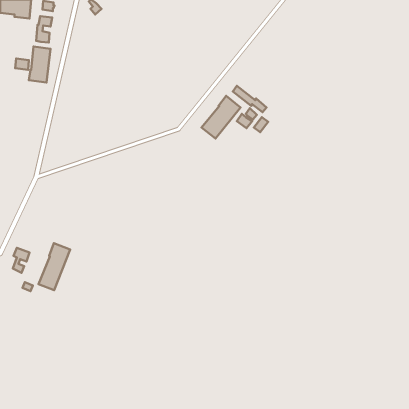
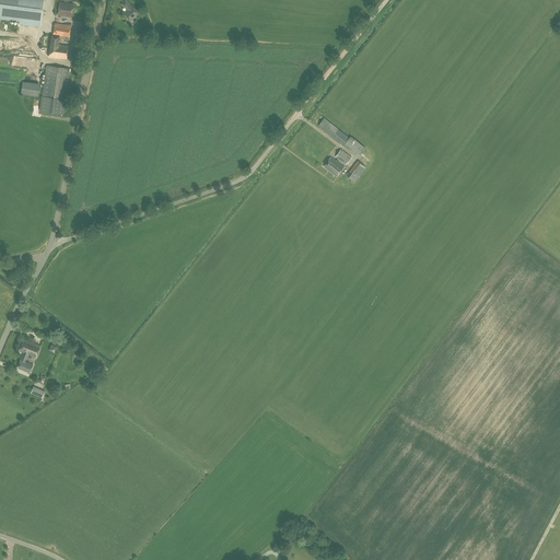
building: [201,96,241,138] -> none
building: [39,243,70,290] -> none

